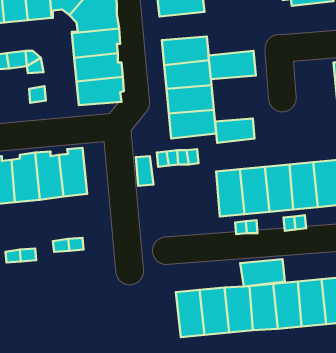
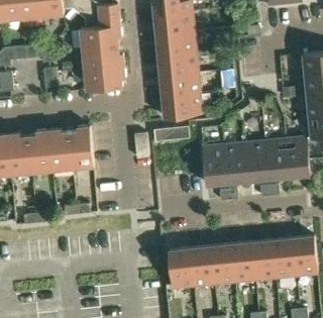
building: [209,51,256,79] -> [153,11,194,35]
building: [215,118,255,143] -> none
building: [240,259,285,287] -> none

